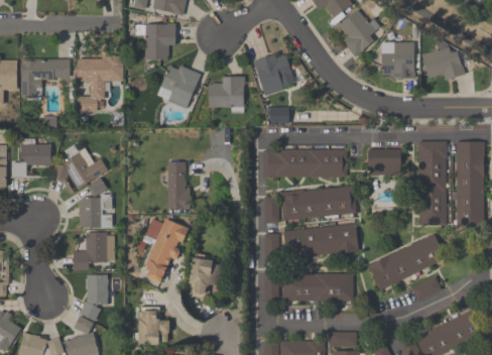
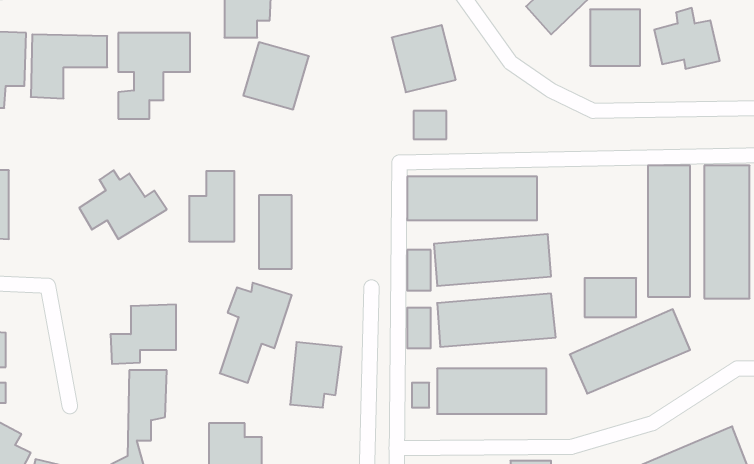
building: [208,76,244,108] -> none
building: [11,142,50,176] -> none
building: [368,149,401,174] -> [585,278,636,317]
building: [80,181,109,226] -> [189,171,234,241]

